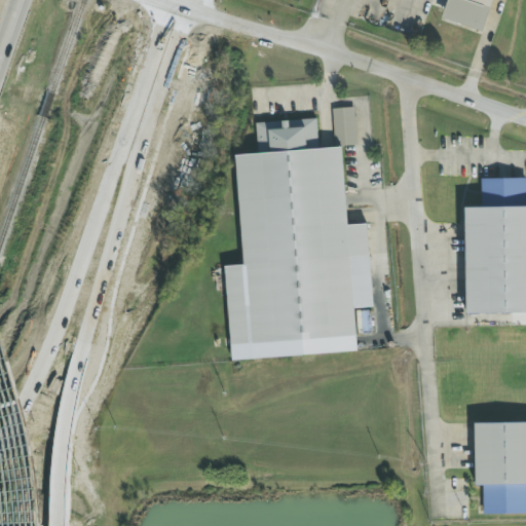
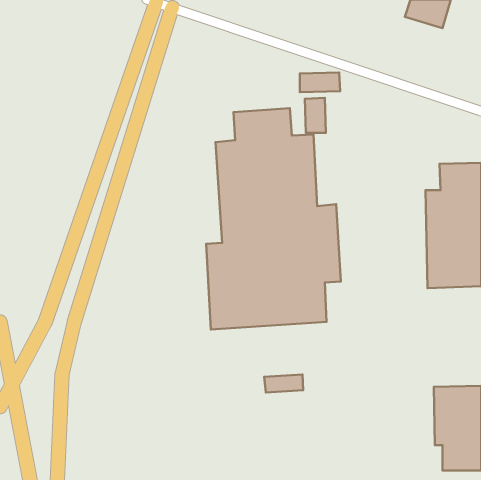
building: none -> [300,72,340,92]
building: none -> [264,375,303,392]

